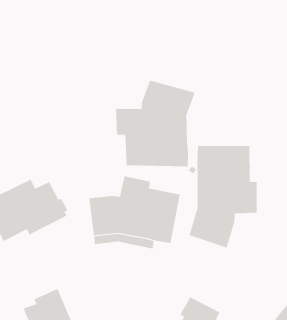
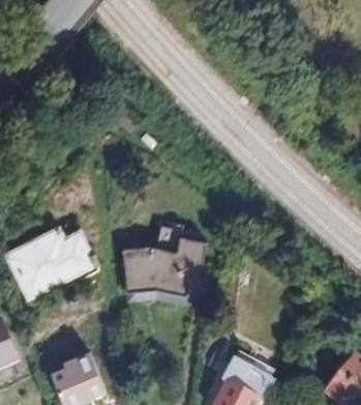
building: [115,80,195,167] -> none
building: [189,145,257,249] -> none

